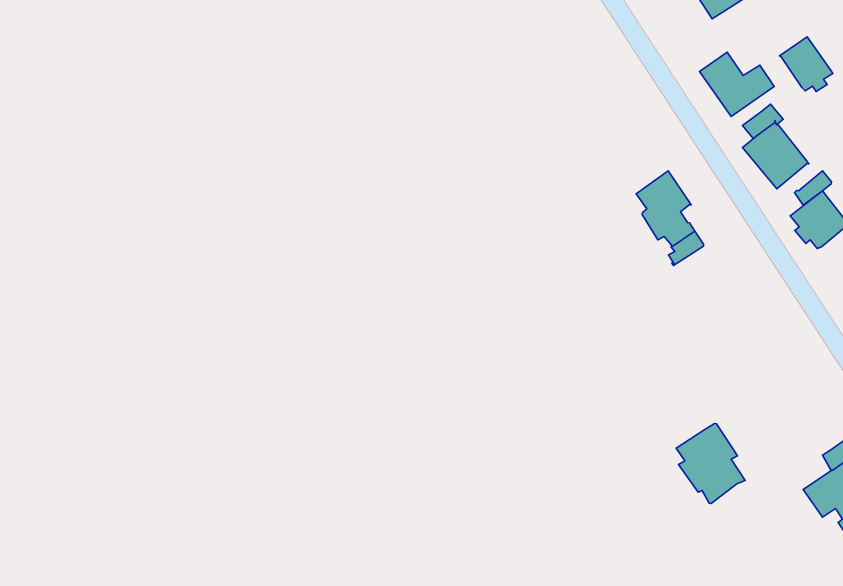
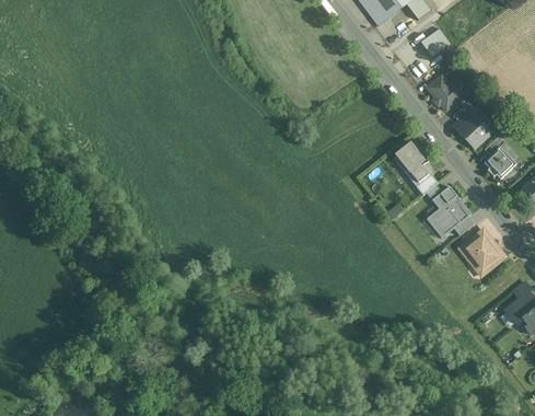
building: [780,37,833,91] -> none
building: none -> [431,185,468,238]
building: [676,424,745,503] -> [462,229,501,273]

